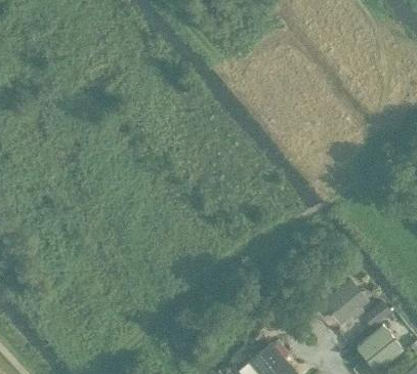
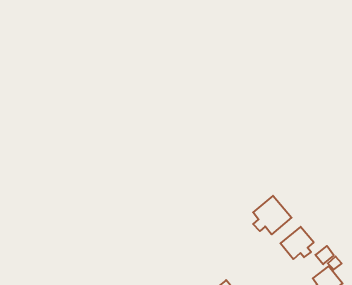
building: none -> [253,196,292,234]

